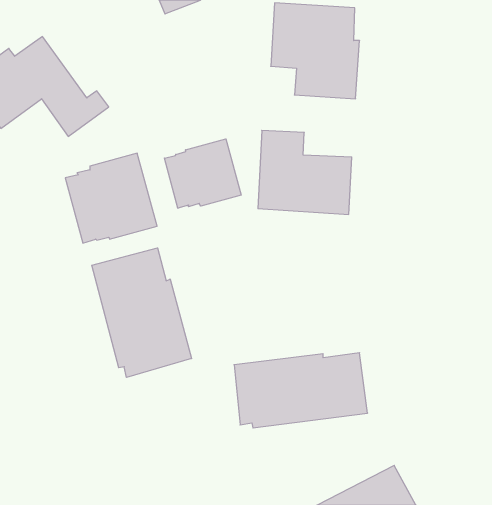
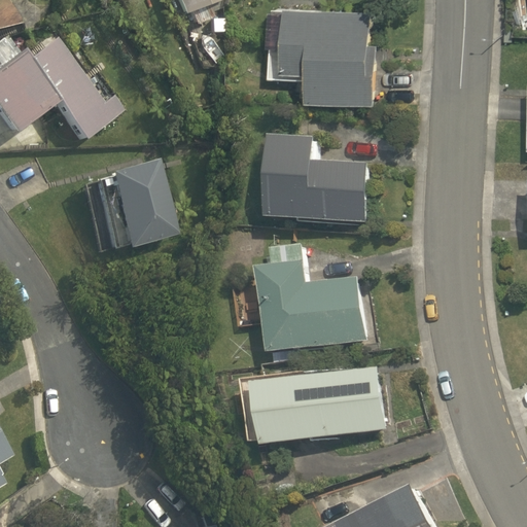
building: [164,139,241,208] -> none
building: none -> [258,245,363,353]
building: [92,248,192,377] -> none

